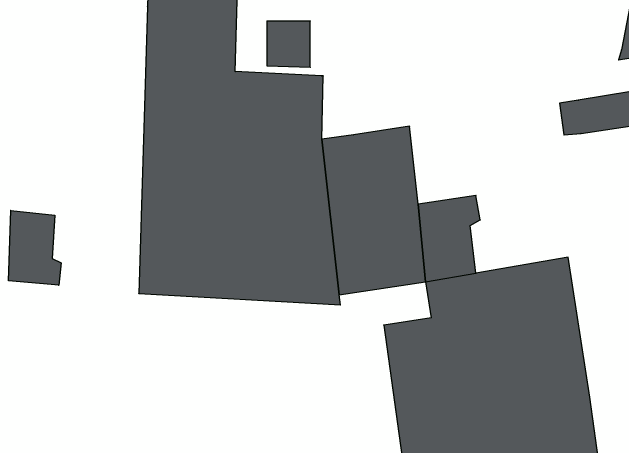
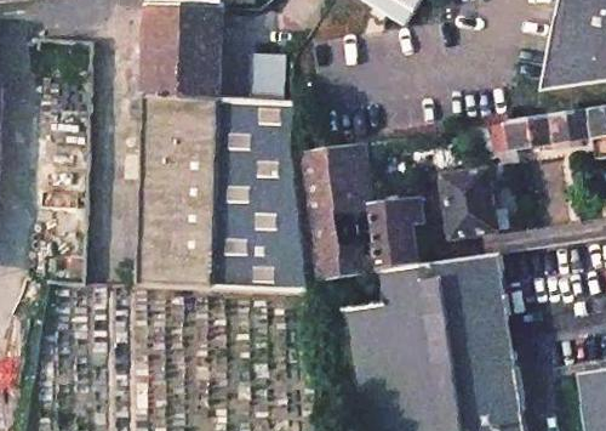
building: none -> [445,171,498,238]
building: [9,210,61,285] -> none

